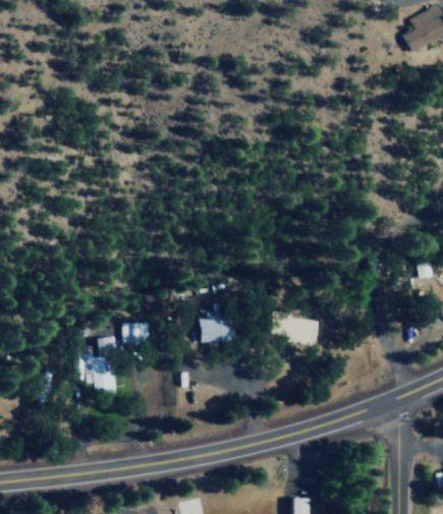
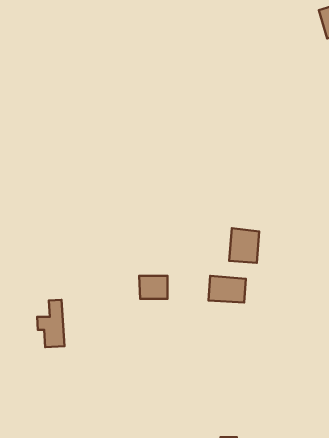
building: none -> [229,228,259,263]
building: [122,322,150,347] -> none

